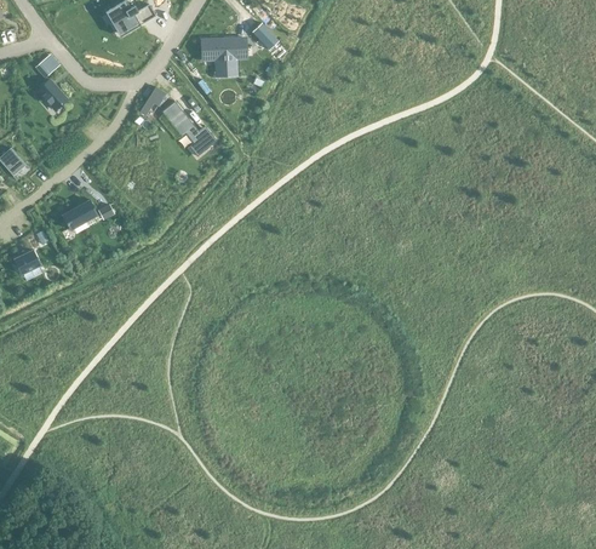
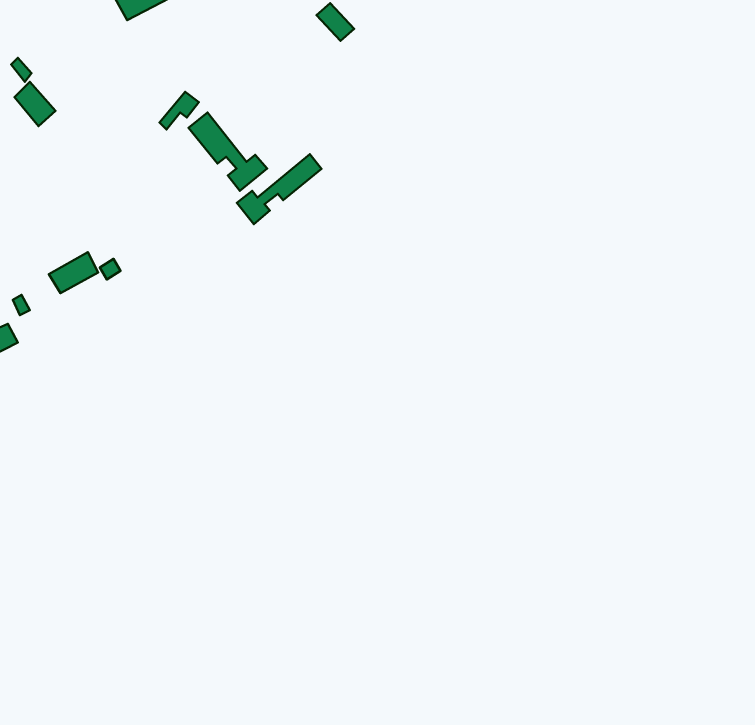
building: [201,39,246,68] -> none
building: none -> [237,154,322,224]

